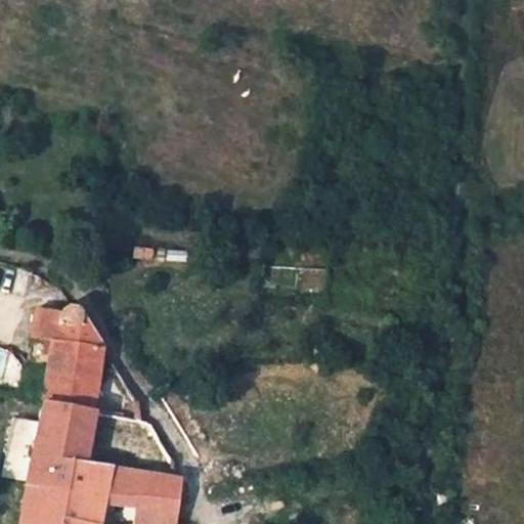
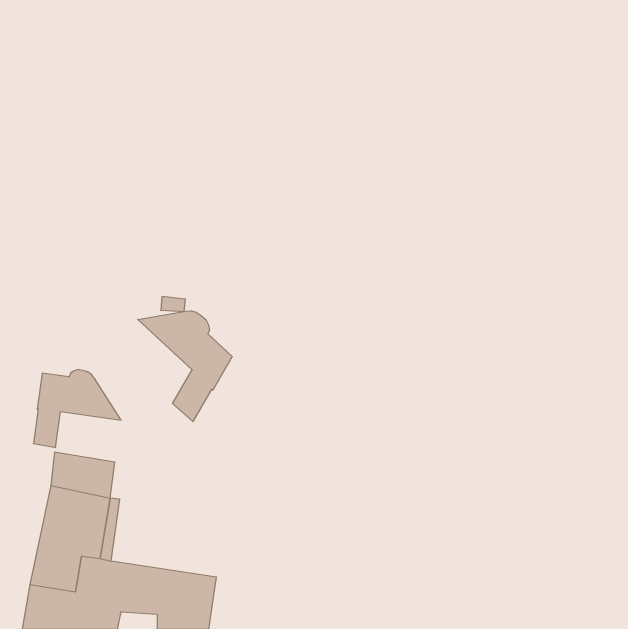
building: none -> [138,311,232,422]
building: [48,341,103,383] -> none

